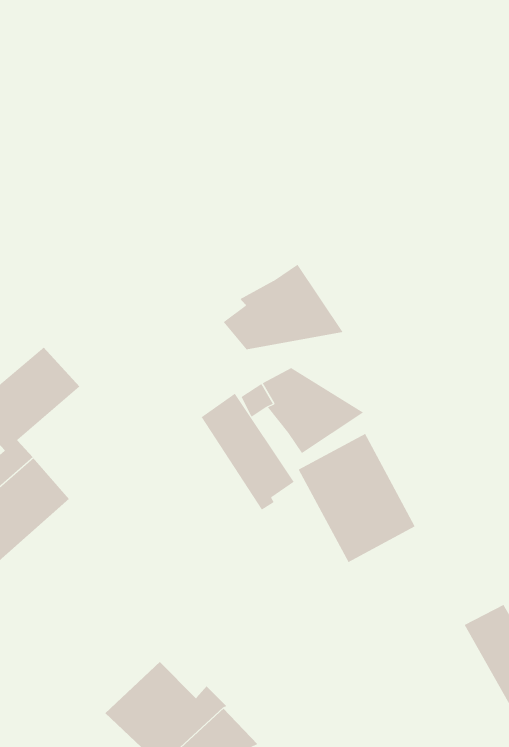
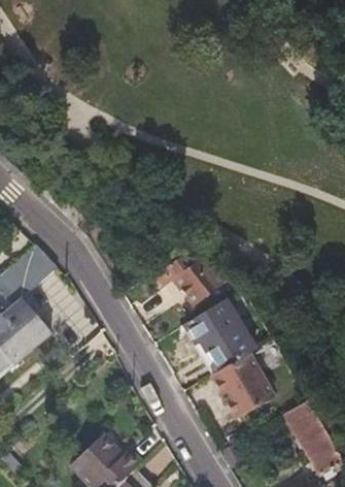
building: [223,264,343,350] -> none
building: [201,393,294,510] -> none
building: none -> [215,351,280,417]

